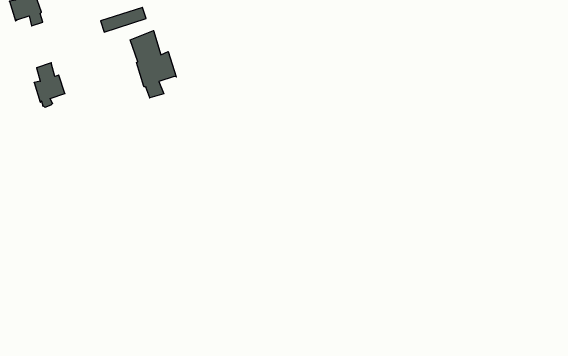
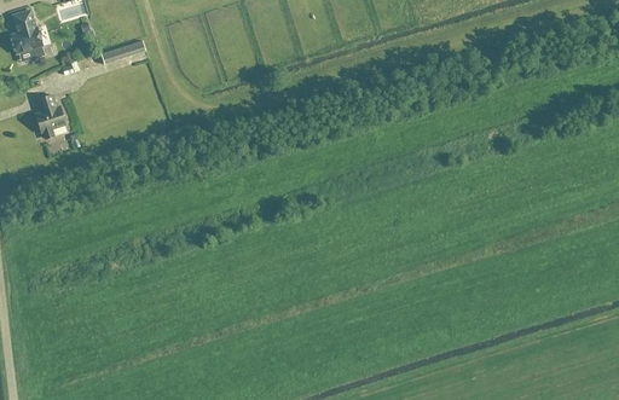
building: [130,31,176,98] -> none

